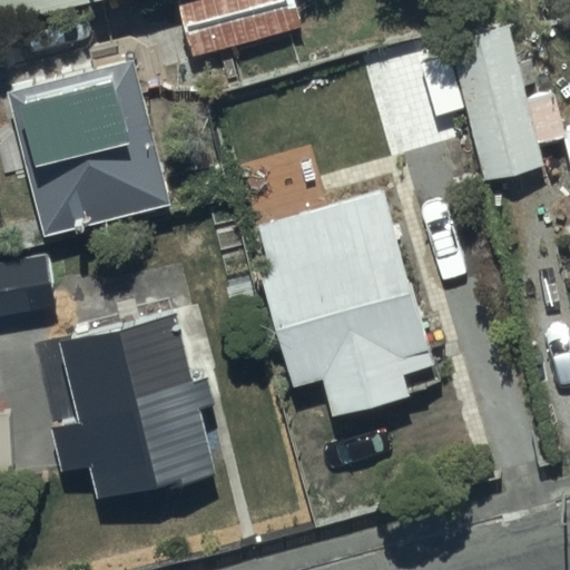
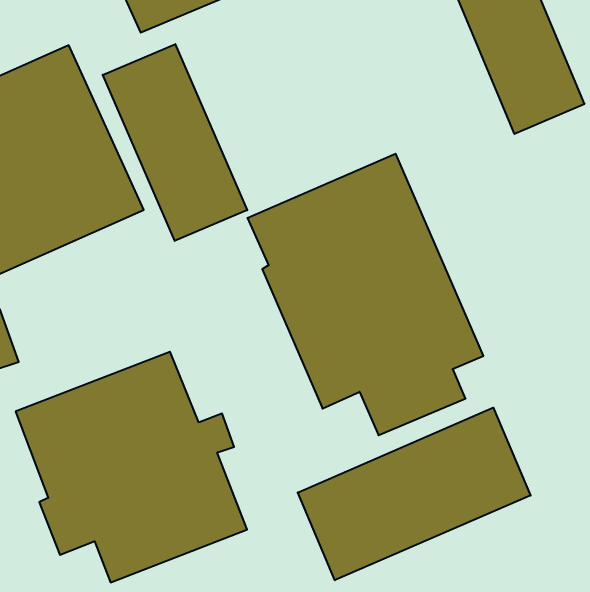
building: none -> [103,44,247,241]
building: none -> [298,408,531,580]

